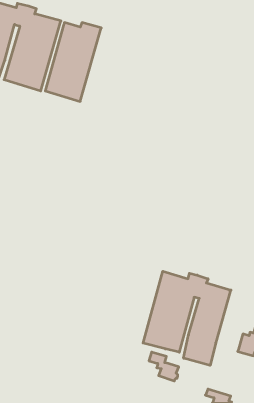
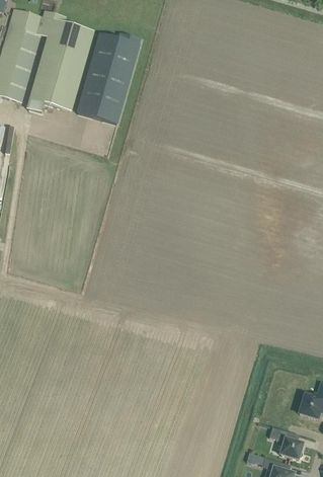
building: [143,271,231,365] -> none
building: [149,352,179,381] -> [268,426,303,460]

